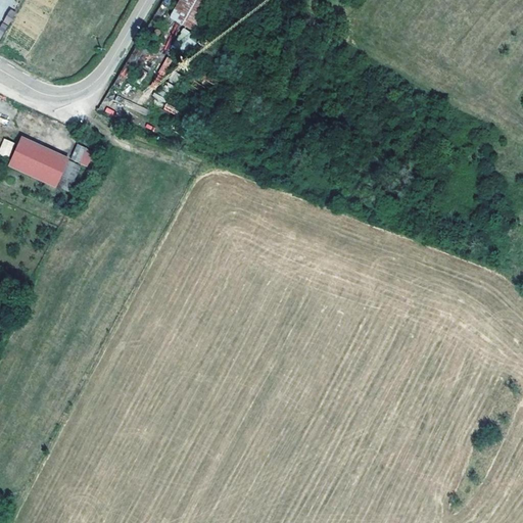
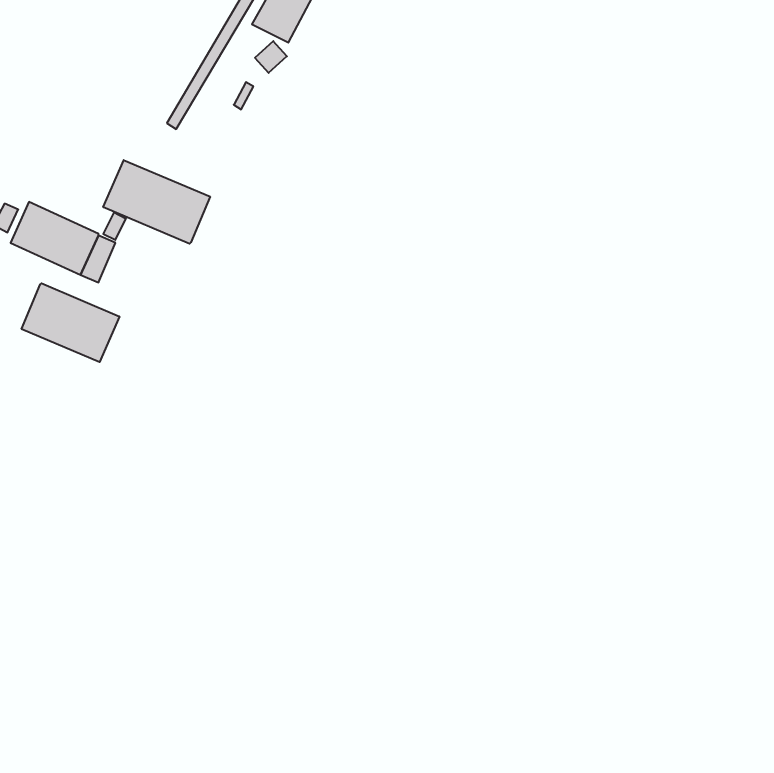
building: none -> [103,160,210,244]
building: none -> [22,283,119,362]

